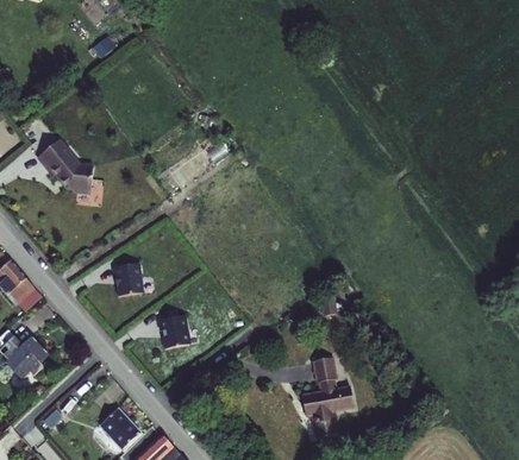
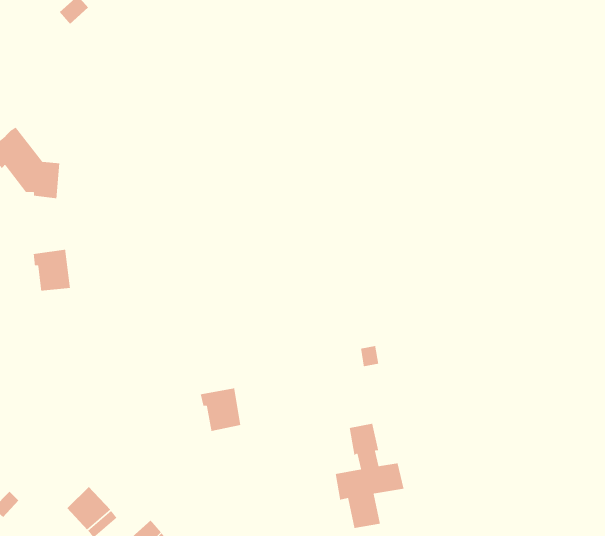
building: [112,264,140,296] -> [33,249,71,292]
building: [156,316,187,349] -> [200,387,241,432]

